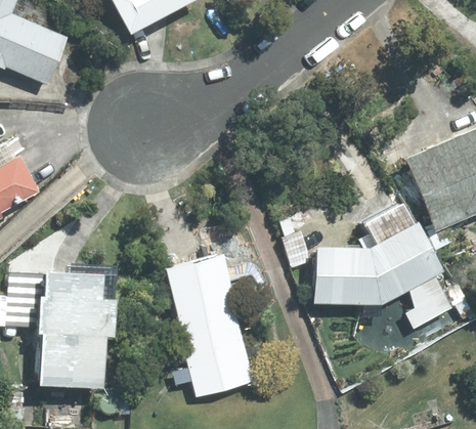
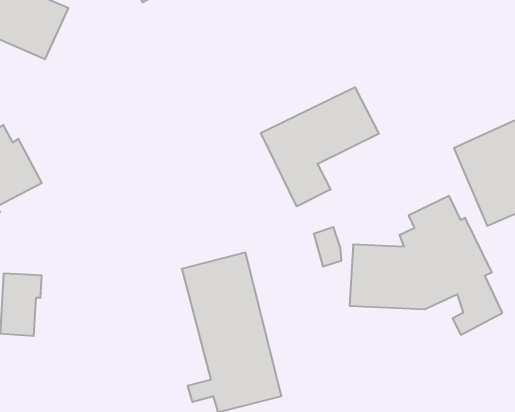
building: none -> [261,87,379,206]
building: [38,265,117,388] -> none

